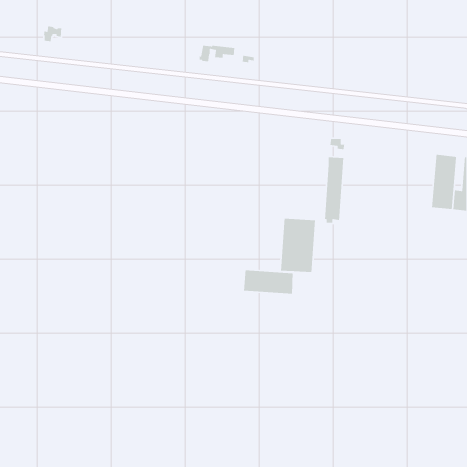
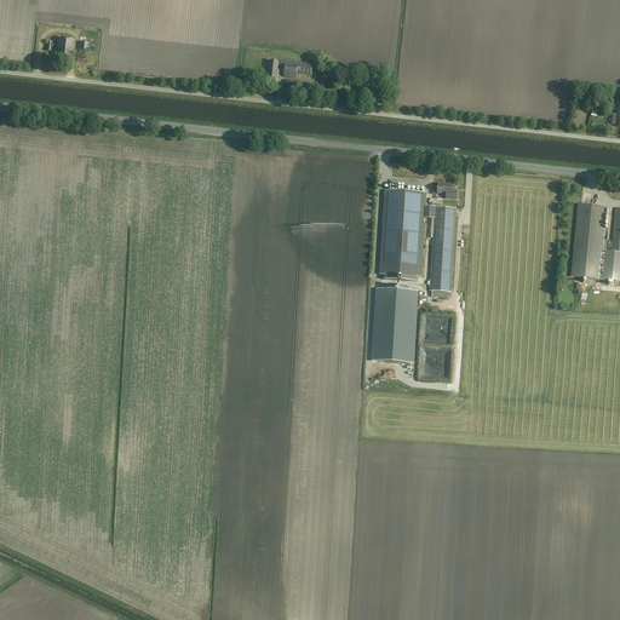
building: none -> [379,191,432,276]
building: [243,269,294,295] -> none

